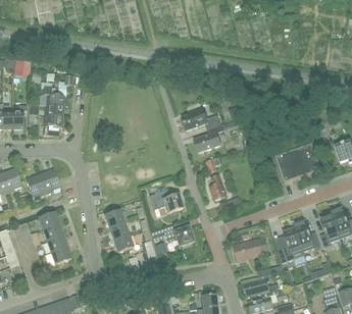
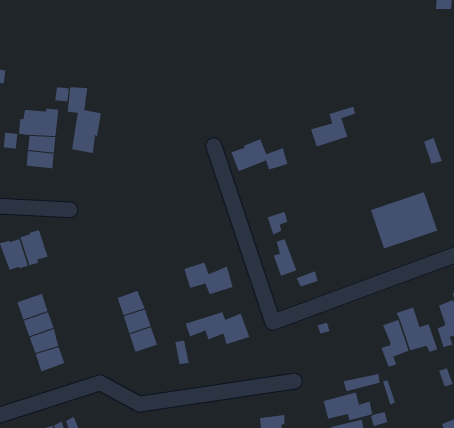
building: none -> [67,86,102,154]
building: [195,123,225,151] -> [310,106,356,147]
building: [235,238,267,259] -> none

